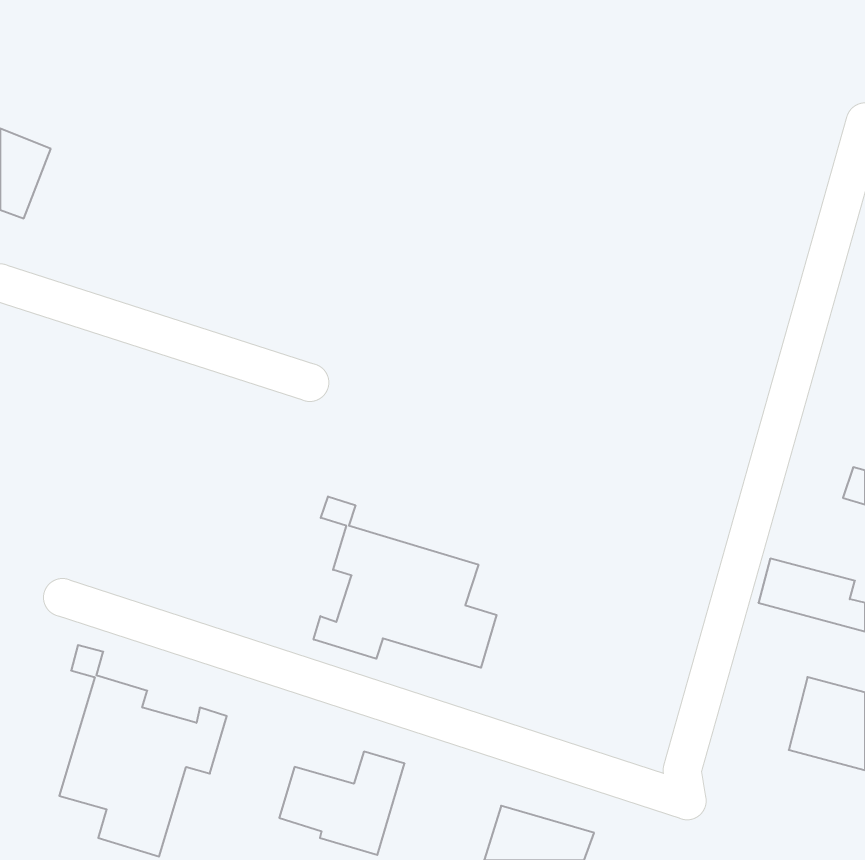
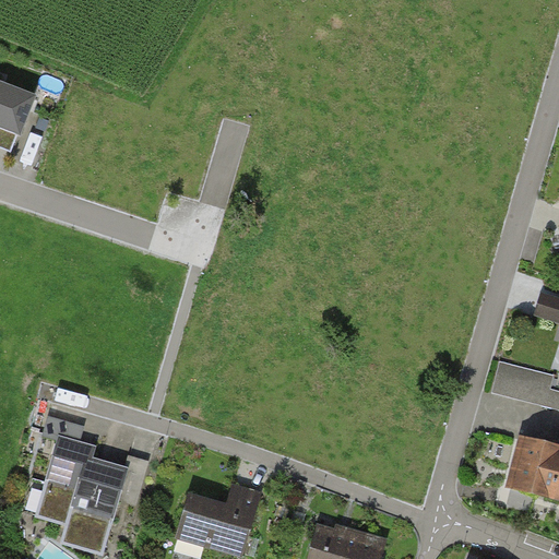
building: [314,496,497,668] -> none

